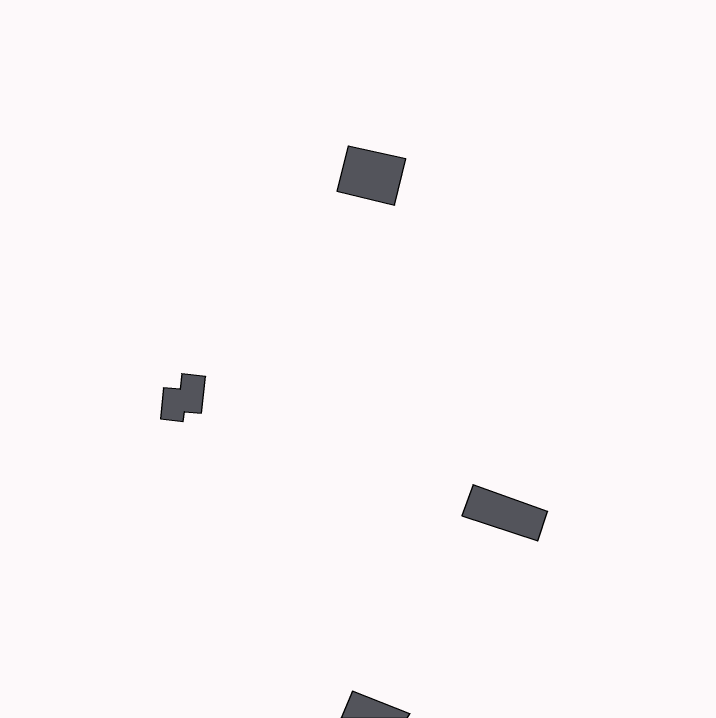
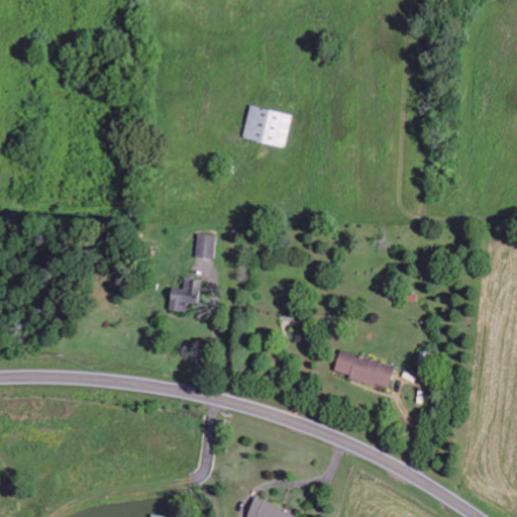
building: none -> [195,232,217,258]
building: [161,374,206,422] -> [169,277,201,311]

